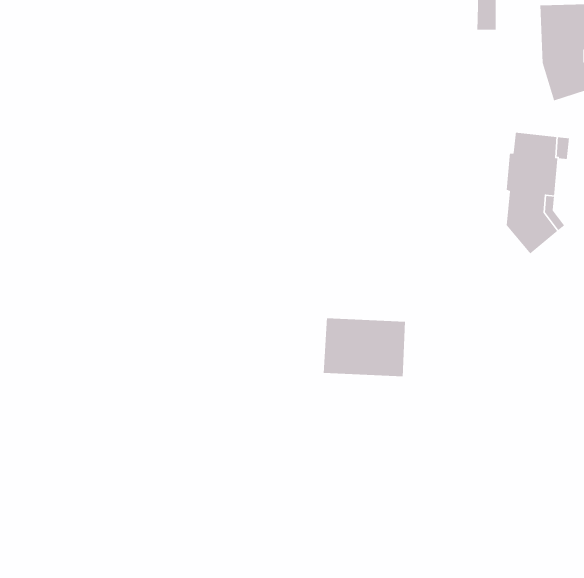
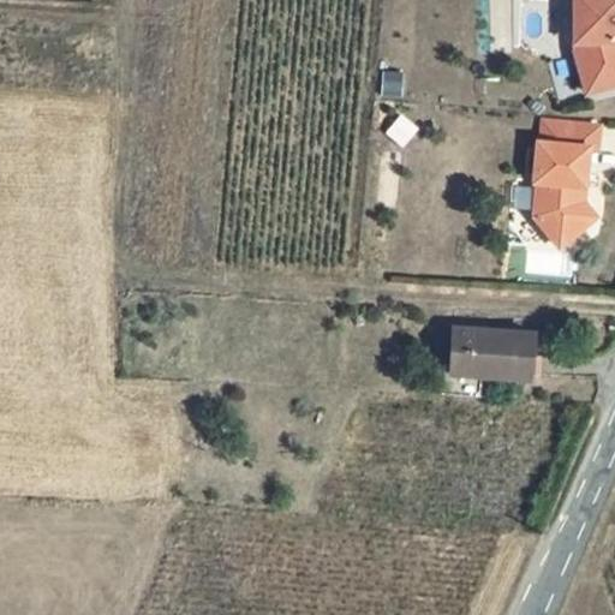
building: [323,318,406,377] -> [458,308,543,369]

